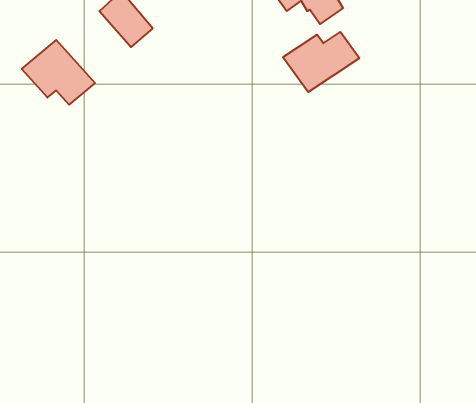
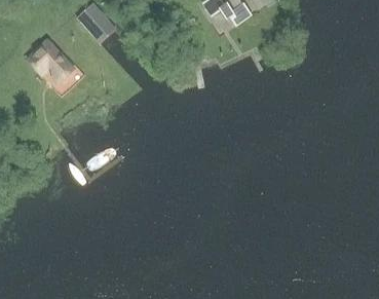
building: [283,32,359,92] -> none

